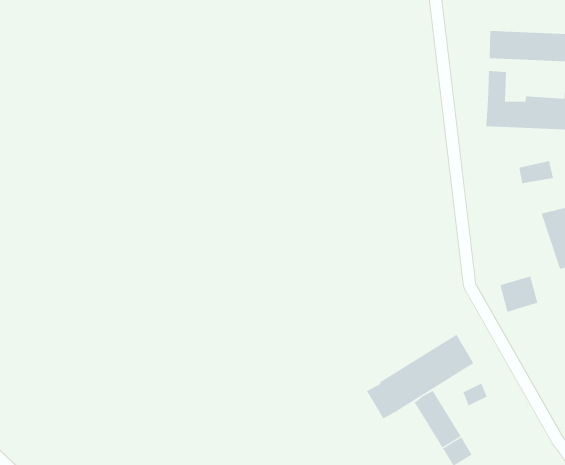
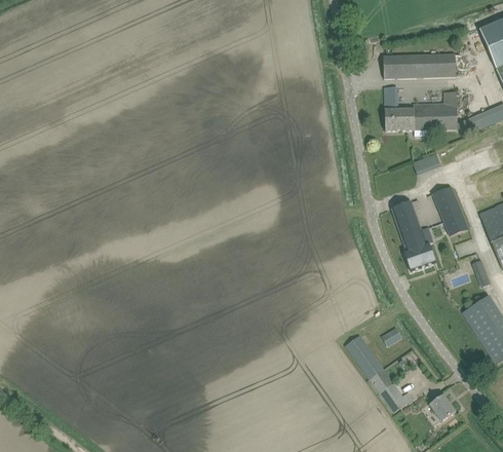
building: none -> [392,201,431,250]
building: [366,334,474,419] -> none

